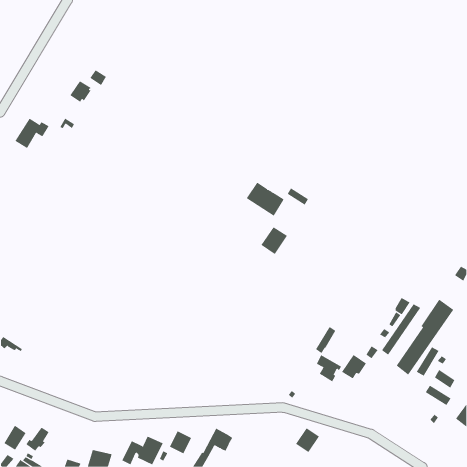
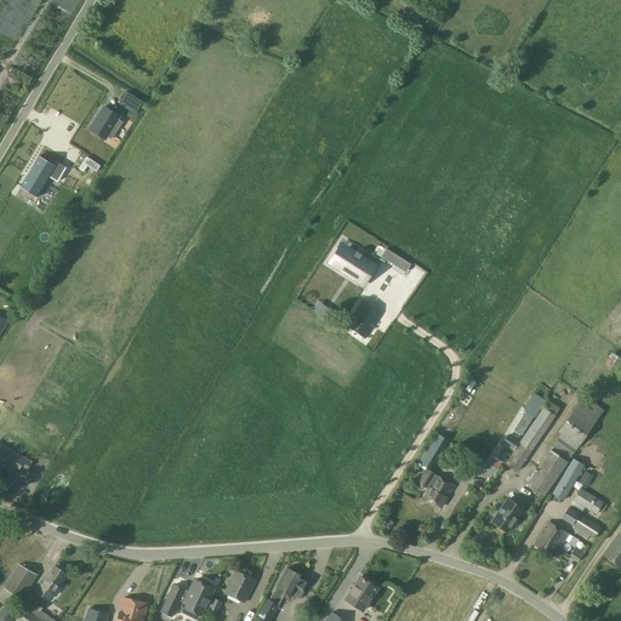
building: [341,354,367,379] -> [491,500,525,532]
building: none -> [534,522,569,560]
building: [295,427,320,453] -> [344,577,377,611]

